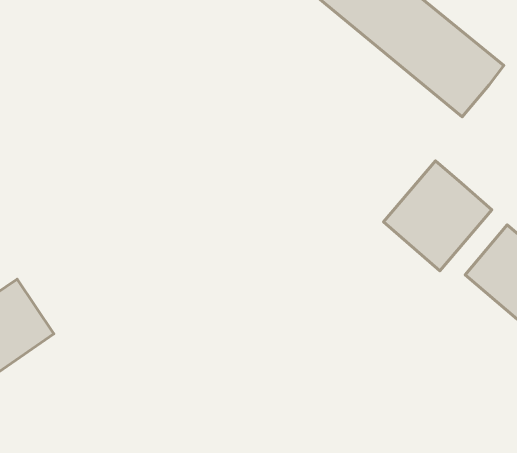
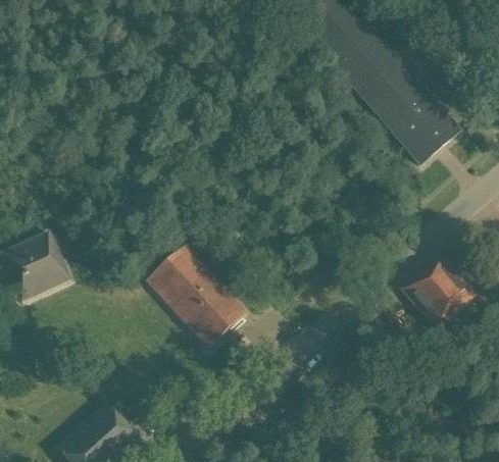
building: [383,161,492,271] -> none
building: none -> [148,244,248,347]

